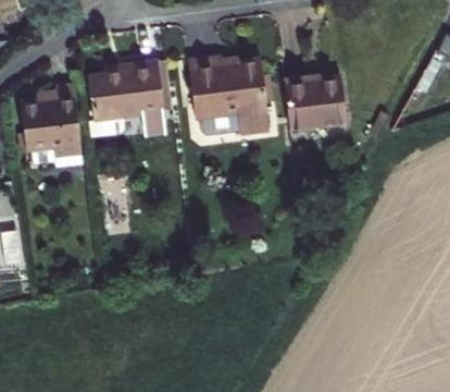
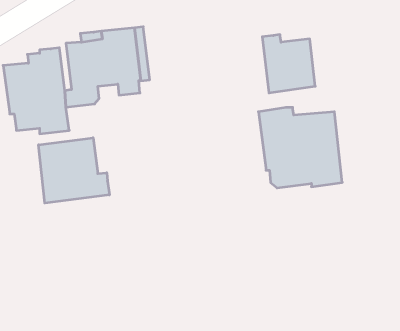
building: [186,56,268,135] -> [258,107,342,188]
building: none -> [39,138,109,203]

